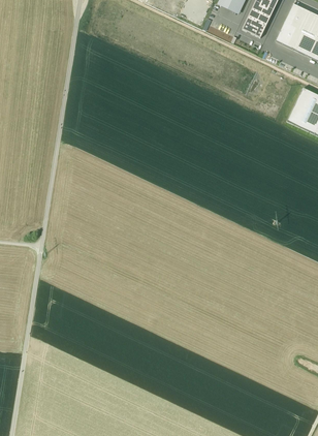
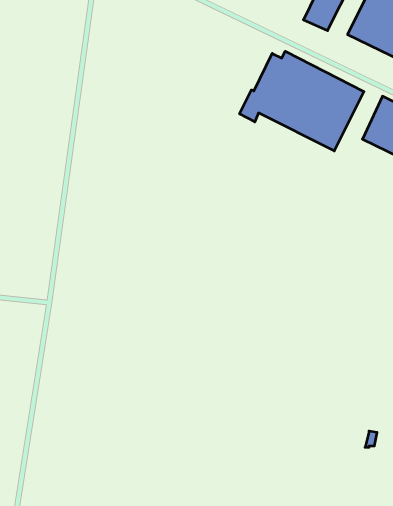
building: none -> [240,51,364,151]

